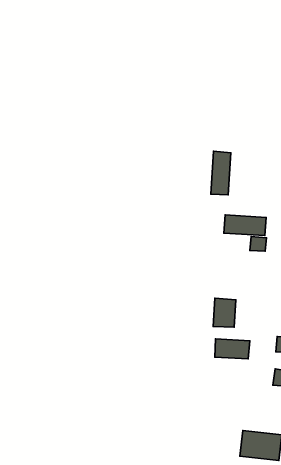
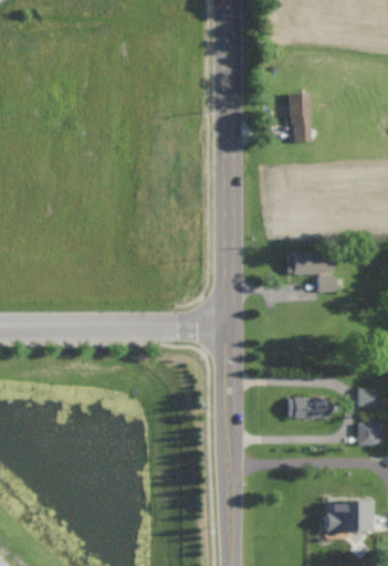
building: [211,151,231,195] -> [291,93,312,143]
building: [213,298,236,327] -> none

